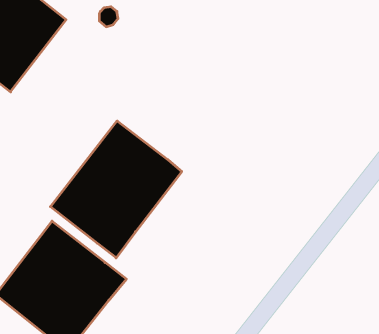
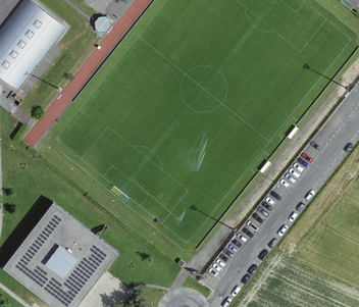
building: [50,121,182,258] -> none

